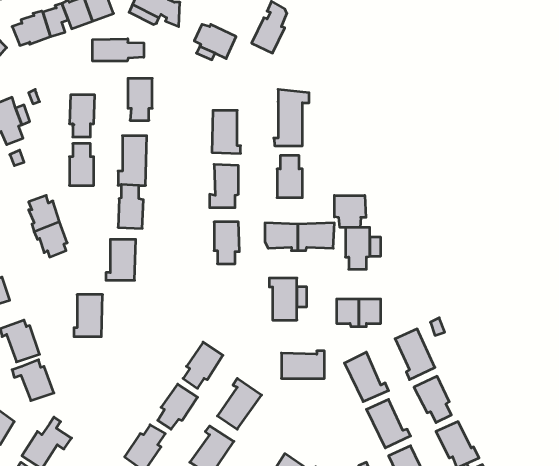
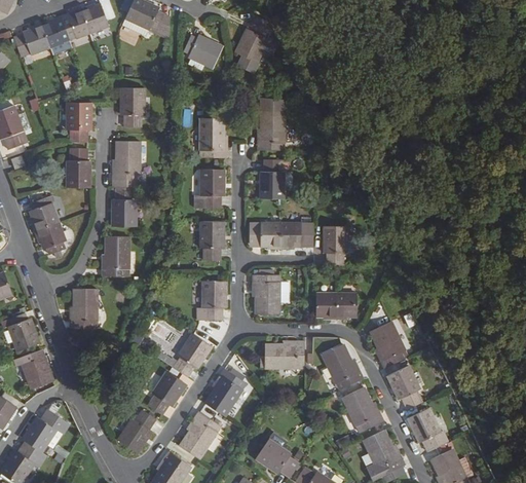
building: [93,39,144,61] -> none
building: [334,195,366,227] -> none
building: none -> [198,281,225,321]

